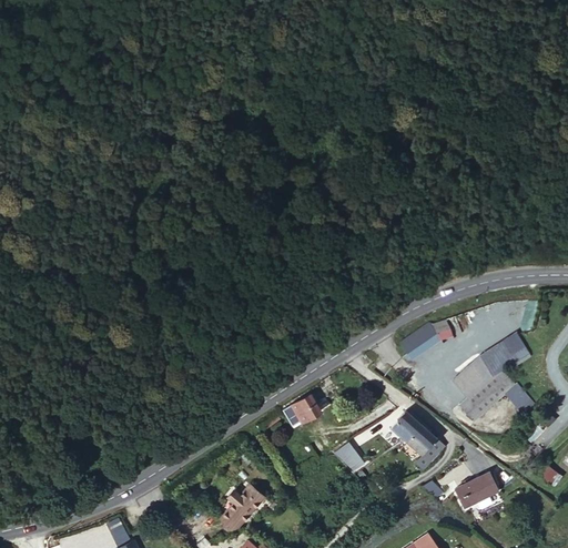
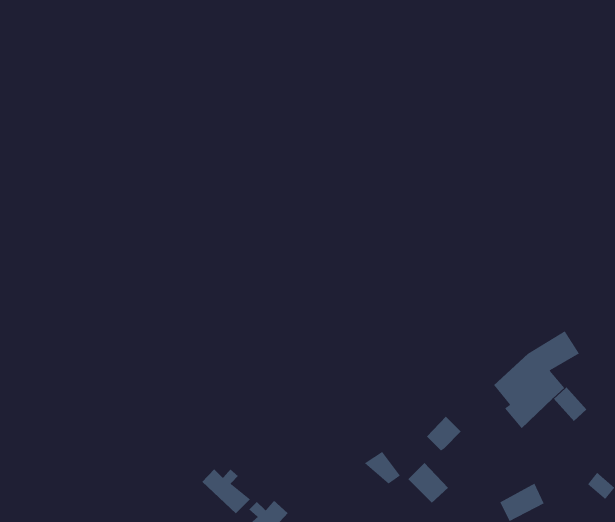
building: [399,322,439,361] -> none
building: [282,389,326,426] -> none
building: [405,425,443,463] -> [408,462,449,504]
building: none -> [201,468,251,514]

